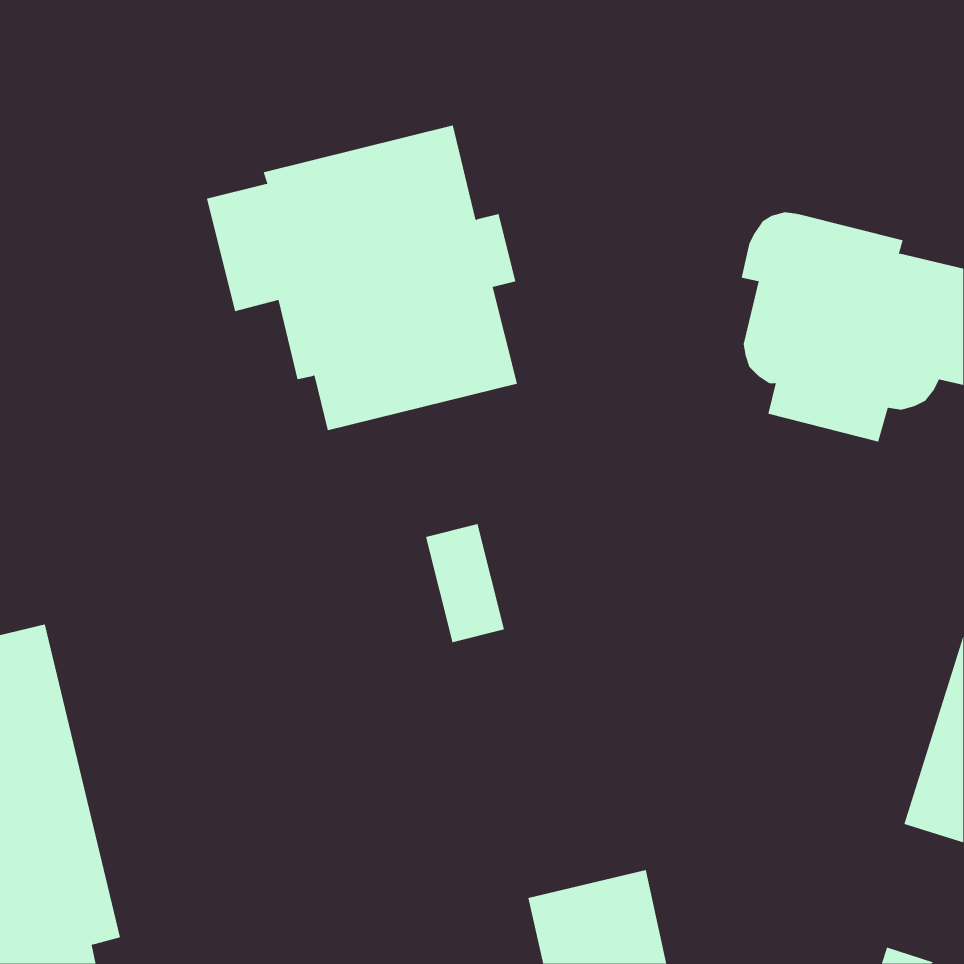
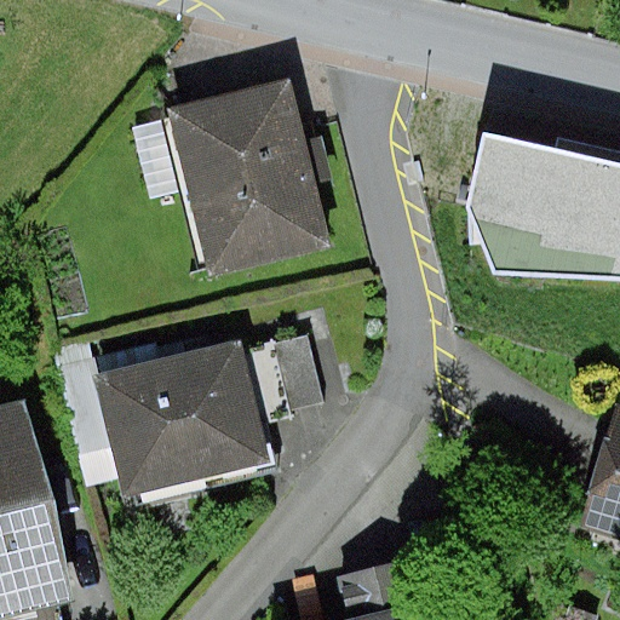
building: none -> [54,338,272,500]

